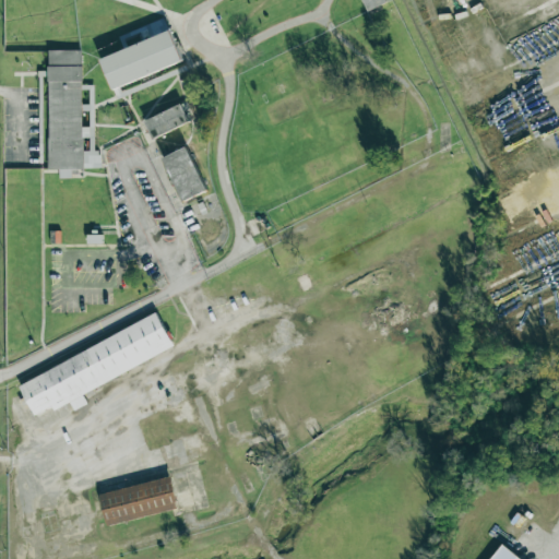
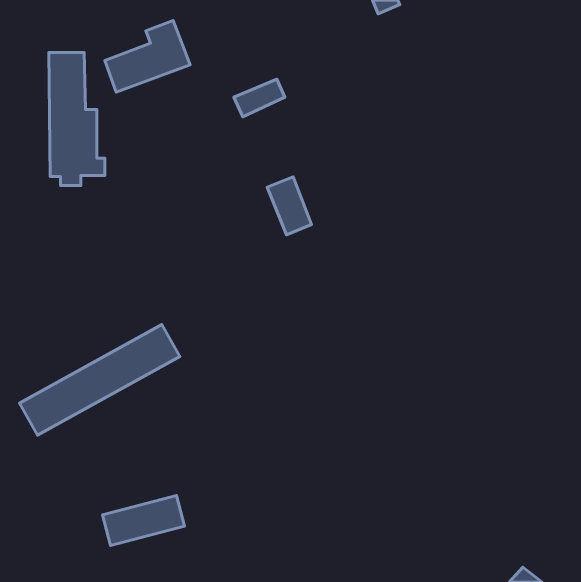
building: [143,103,192,139] -> [234,79,285,117]
building: [163,146,205,202] -> [267,177,311,235]

